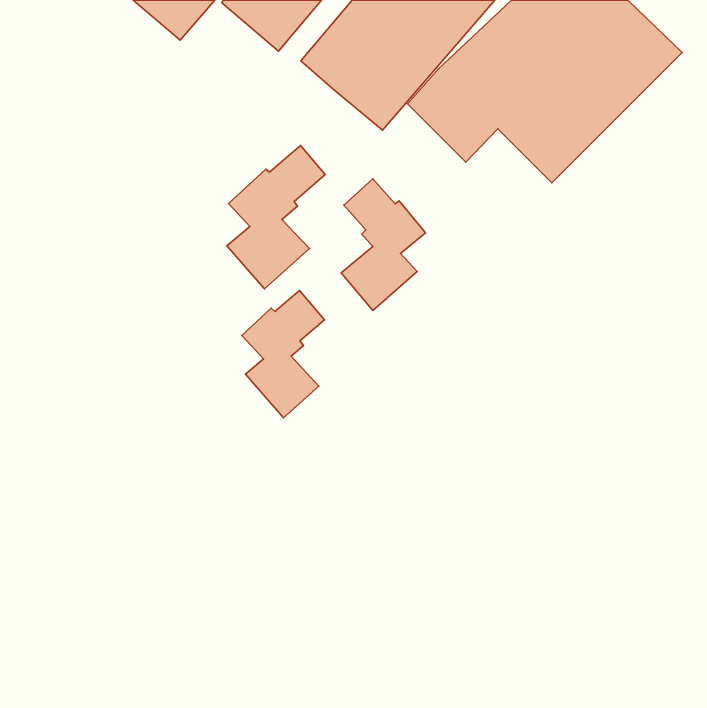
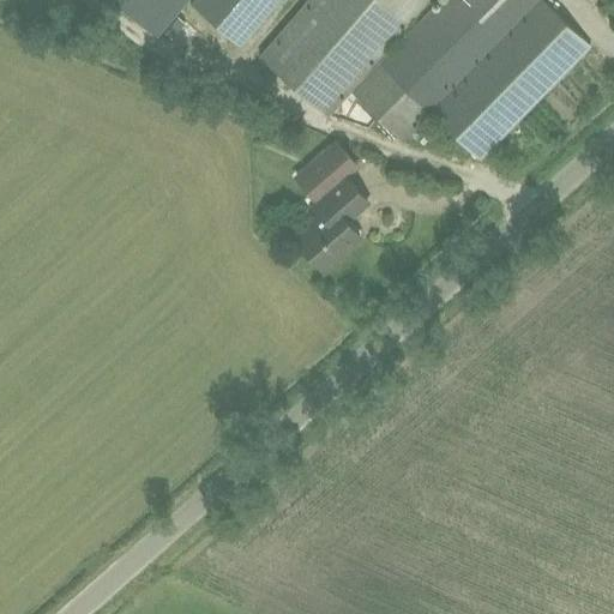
building: [227,145,325,289] -> none
building: [242,290,324,418] -> none

